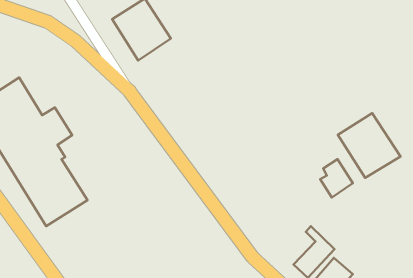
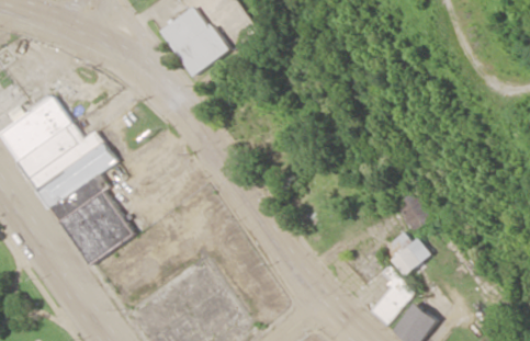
building: [338,113,400,178] -> none
building: none -> [383,232,431,275]

